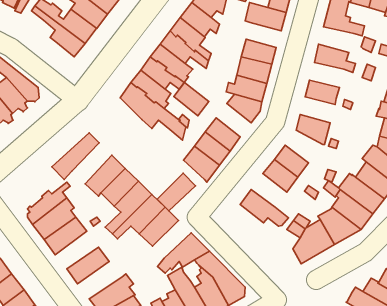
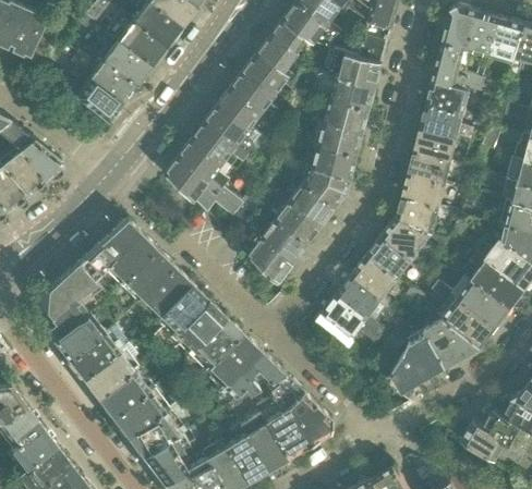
building: none -> [330,76,376,109]
building: none -> [425,82,471,115]
building: none -> [413,129,458,161]
building: [174,82,209,116] -> [291,182,337,225]
building: none -> [401,173,447,207]
building: none -> [382,217,431,259]
building: none -> [102,233,155,286]
building: none -> [45,265,96,319]
building: [157,173,196,211] -> [208,334,258,383]
building: none -> [337,273,384,317]
building: none -> [81,349,137,398]
building: none -> [110,388,168,437]

